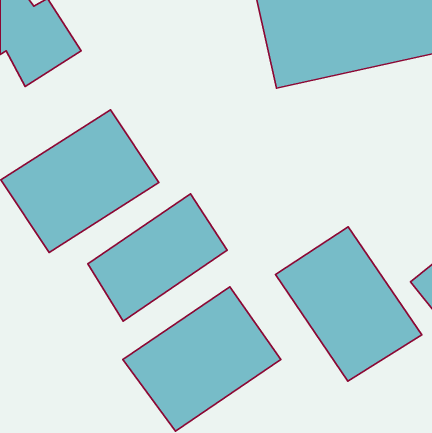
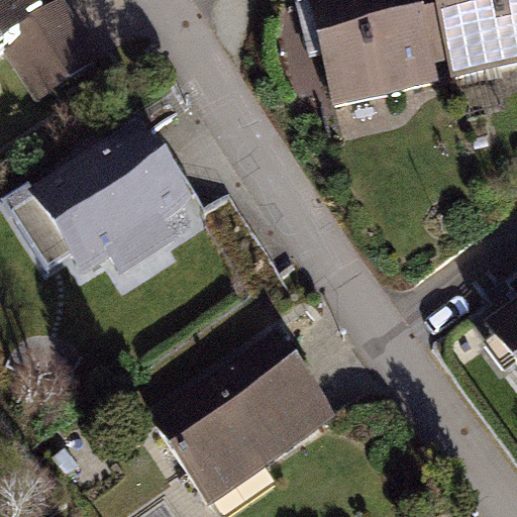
building: [88,194,227,321] -> none
building: [275,227,422,381] -> none

